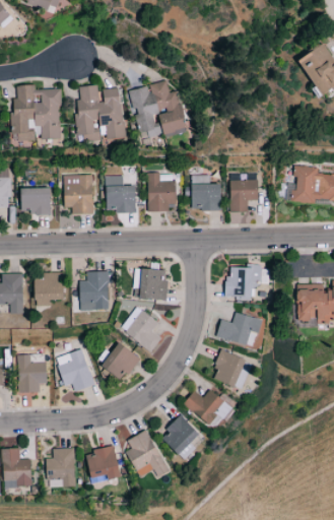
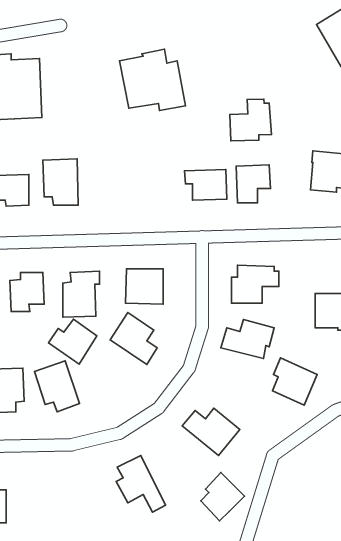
building: [74,85,125,141] -> none
building: none -> [230,99,271,141]
building: [147,173,177,212] -> none
building: [106,176,136,213] -> none
building: [97,342,139,381] -> [49,319,97,364]
building: [214,349,253,390] -> [272,358,317,405]
building: [162,414,200,456] -> [201,472,244,521]
building: [85,445,122,480] -> none
building: [47,448,75,488] -> none

